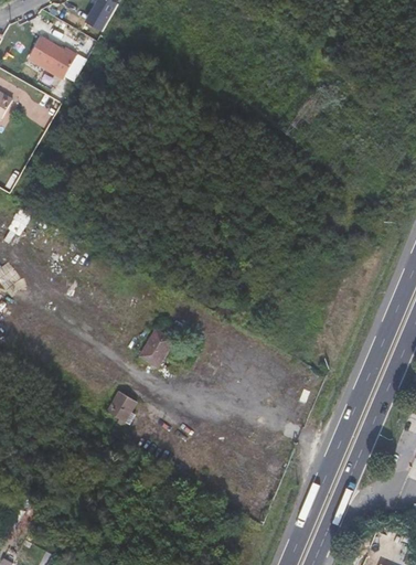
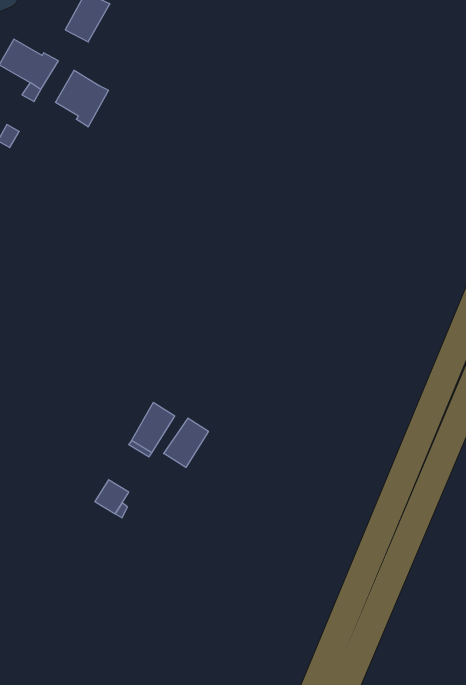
building: none -> [55,70,108,127]
building: none -> [164,418,208,467]

